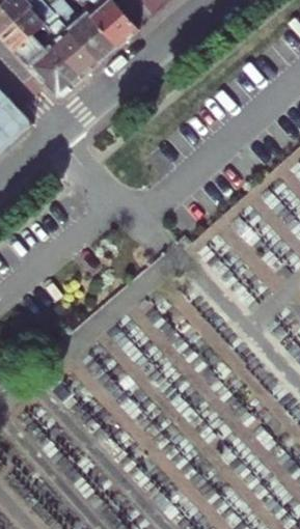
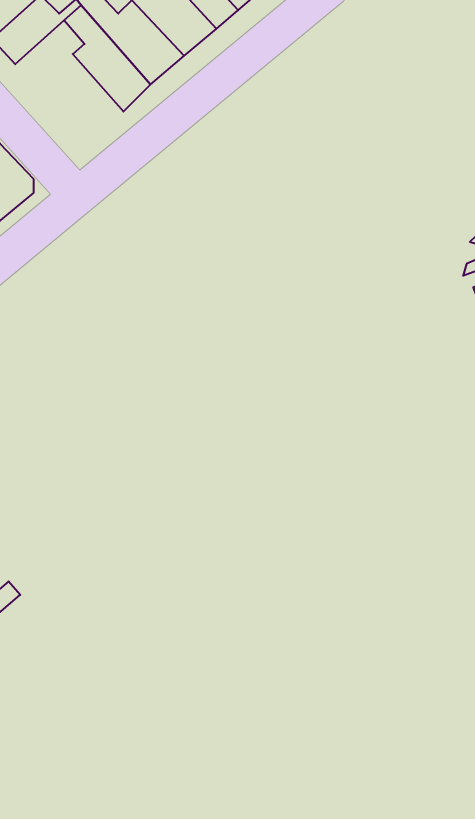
building: [15,22,81,95] -> none

